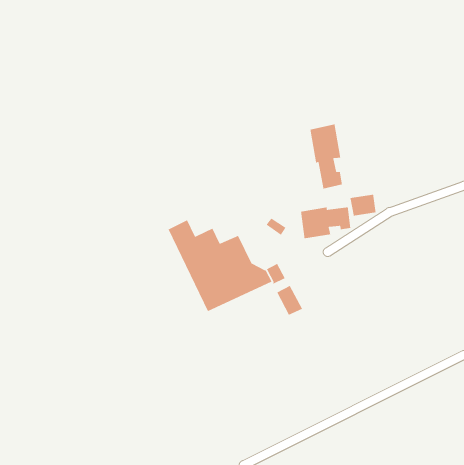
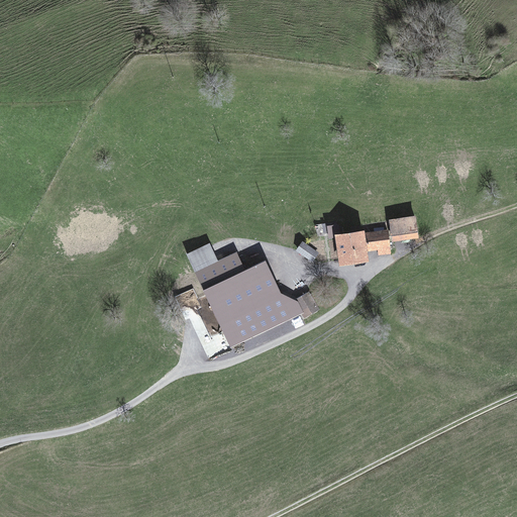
building: [310,123,343,189] -> none
building: [276,285,303,316] -> none

